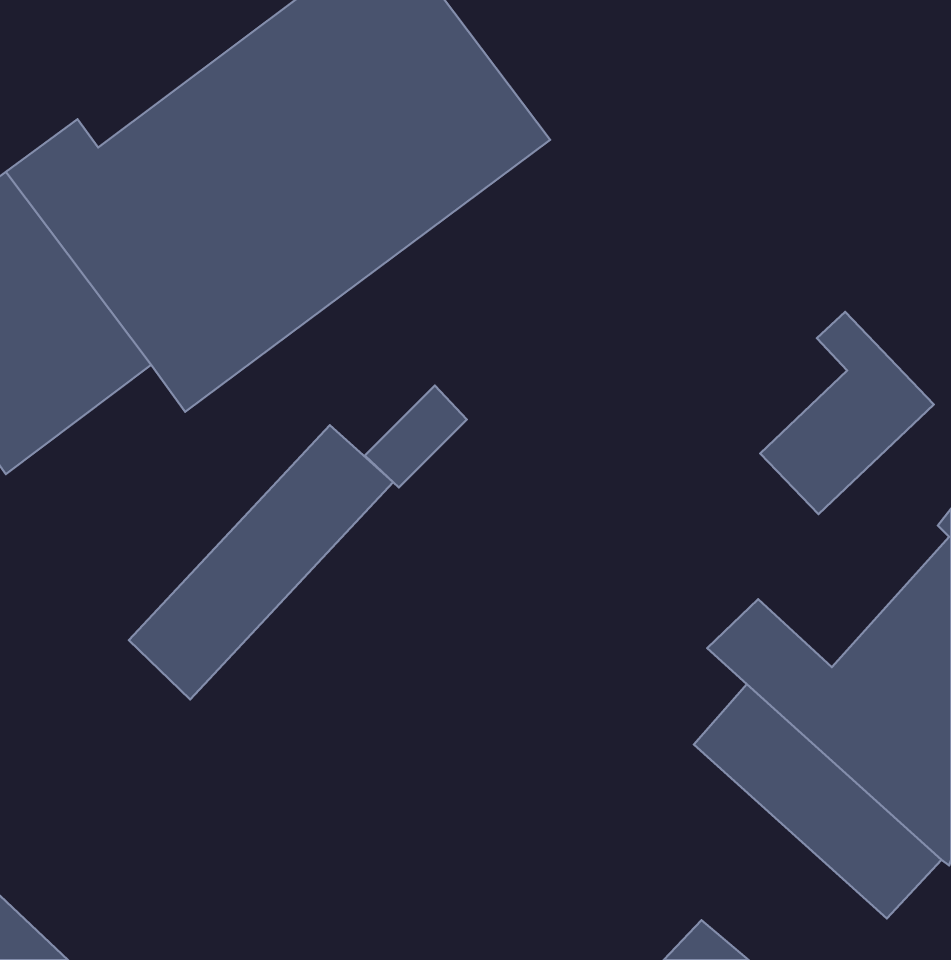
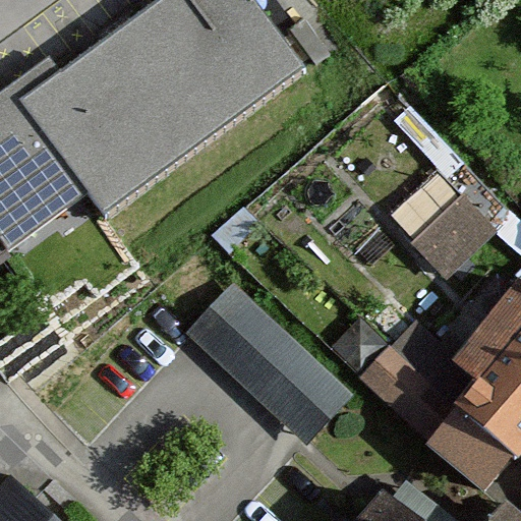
building: [129,425,393,699] -> none
building: none -> [191,269,361,433]

